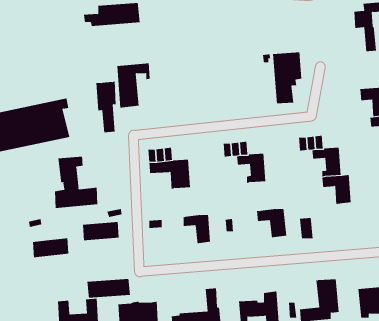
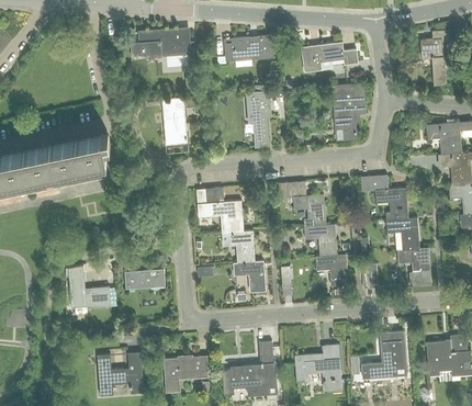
building: none -> [223,34,272,60]
building: none -> [301,42,357,71]
building: [96,81,117,133] -> [246,89,269,146]
building: [54,156,98,209] -> none
building: none -> [303,223,336,256]
building: none -> [221,229,254,262]
building: none -> [396,247,430,284]
building: [87,278,130,299] -> none

